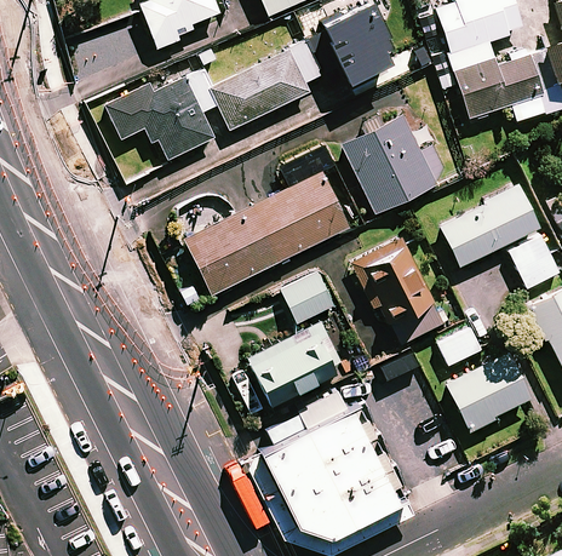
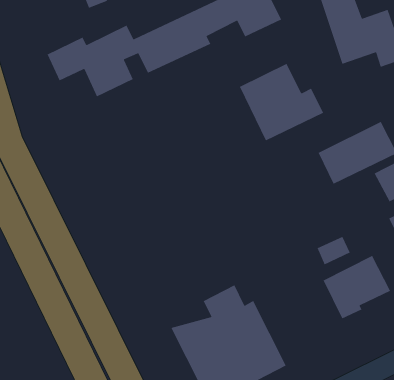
building: [184,173,348,296] -> none
building: [351,236,446,344] -> none
building: [282,273,334,323] -> none
building: [247,322,344,405] -> none

